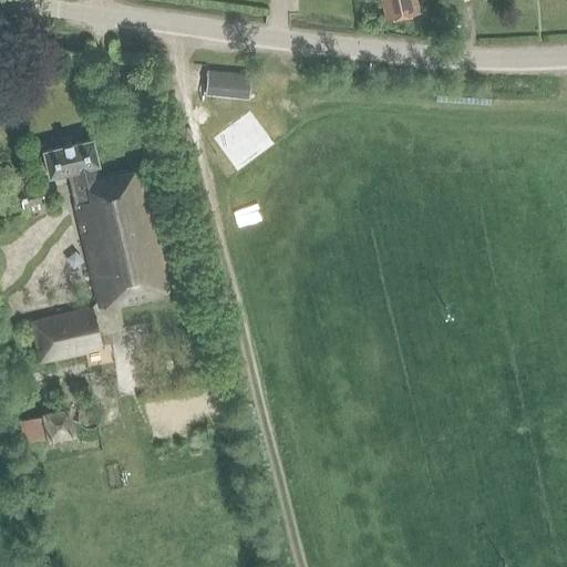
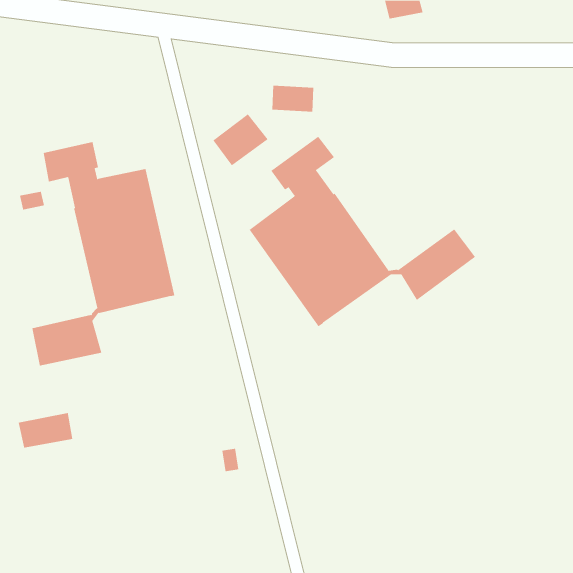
building: [205,70,247,96] -> [271,85,314,112]
building: none -> [249,136,476,327]

